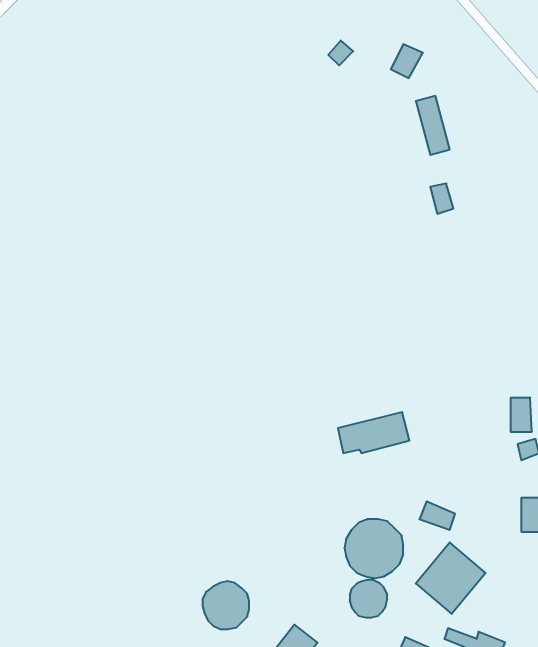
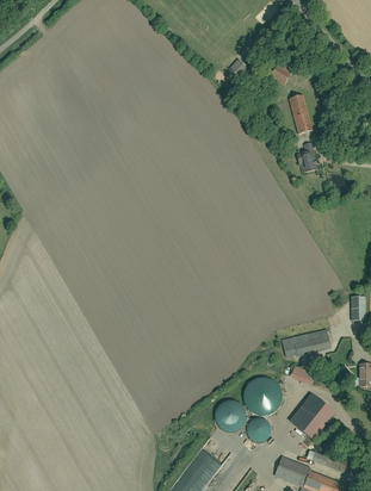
building: [338,412,409,453] -> [283,329,330,356]
building: [203,581,249,629] -> [214,400,245,433]

